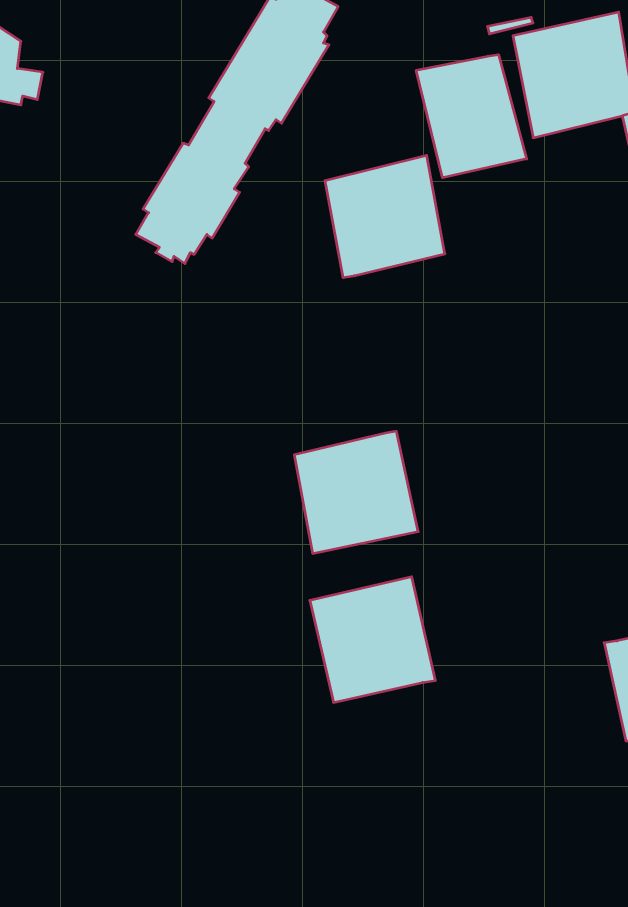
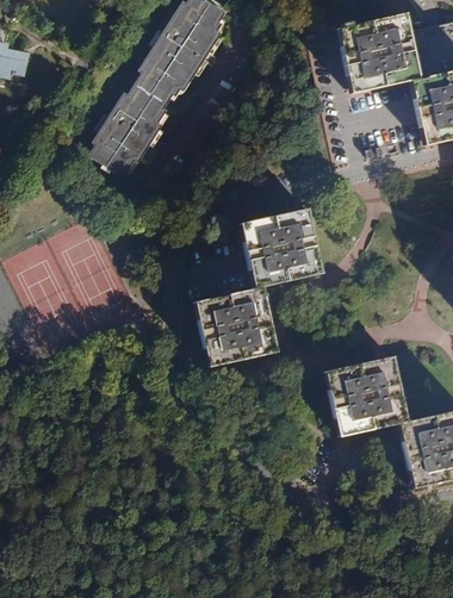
building: [416,55,527,178] -> none
building: [325,155,445,278] -> [244,207,323,287]
building: [310,577,435,702] -> [325,355,408,437]

